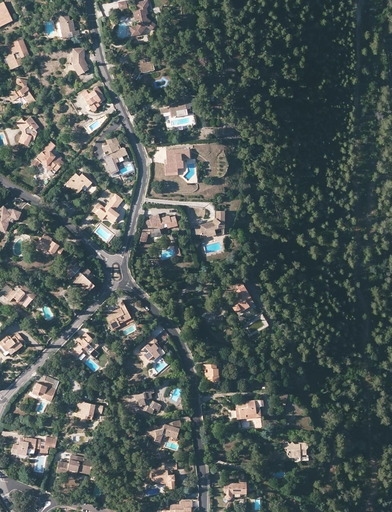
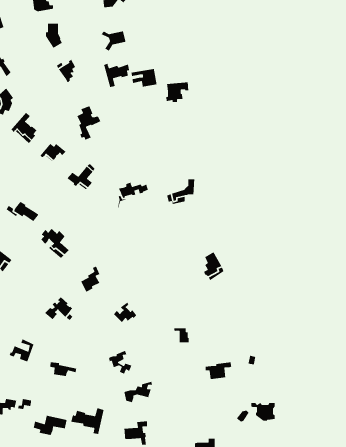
building: none -> [103,63,130,88]
building: [164,148,189,170] -> [165,82,189,103]
building: none -> [70,407,105,435]

